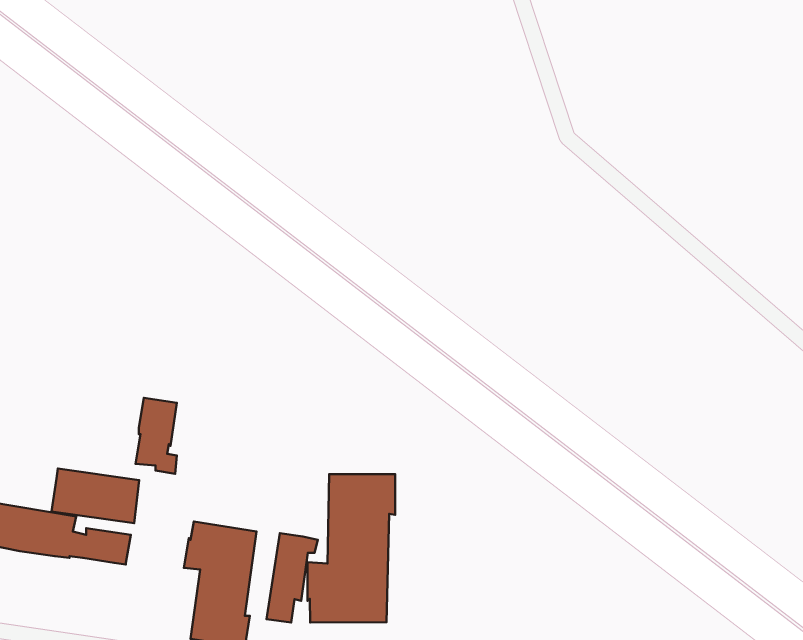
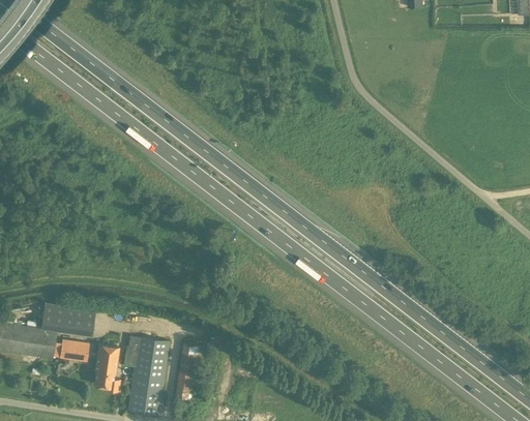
building: [136,398,177,474] -> [93,343,119,391]
building: [307,474,395,622] -> none

